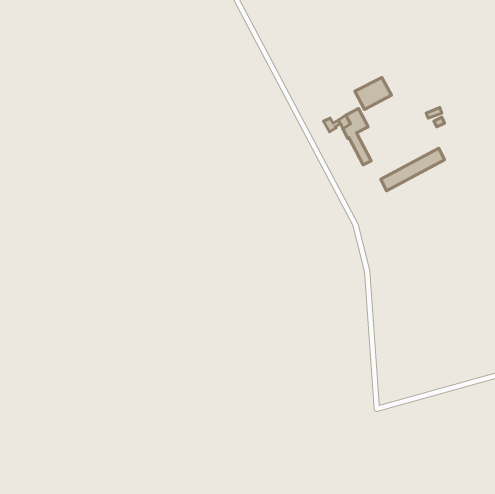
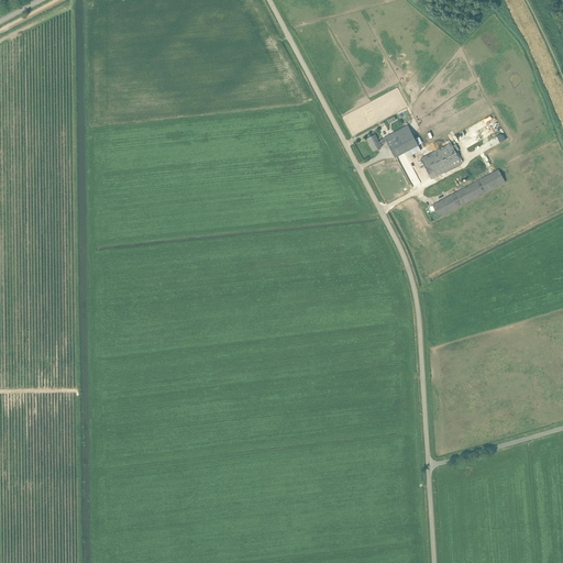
building: [355,78,391,110] -> [420,142,462,178]

